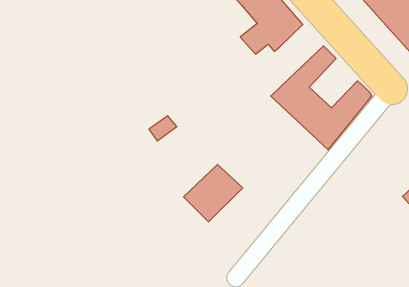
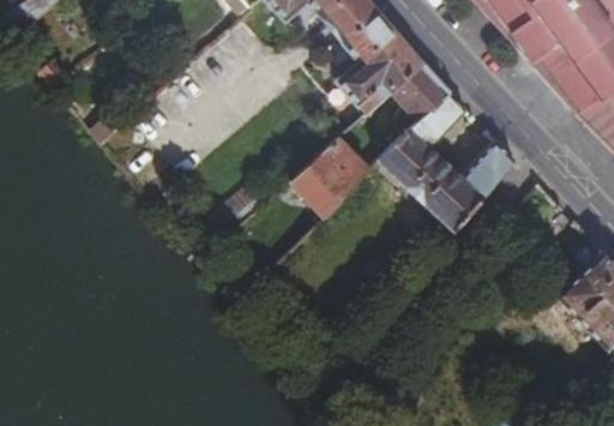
building: none -> [392,64,451,137]
building: [184,164,243,222] -> [291,138,371,215]

